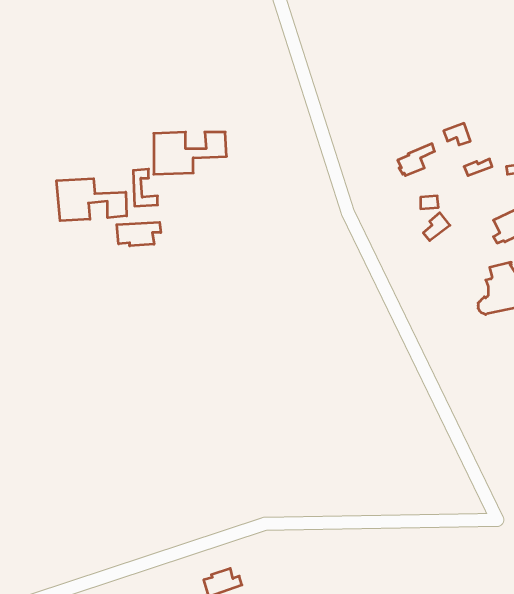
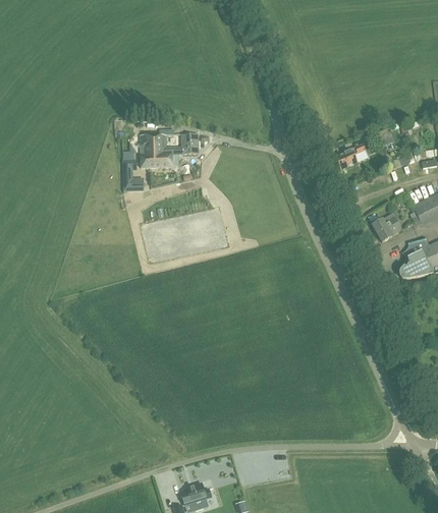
building: [57,179,127,221] -> none
building: [117,222,161,246] -> none
building: none -> [372,214,401,242]

